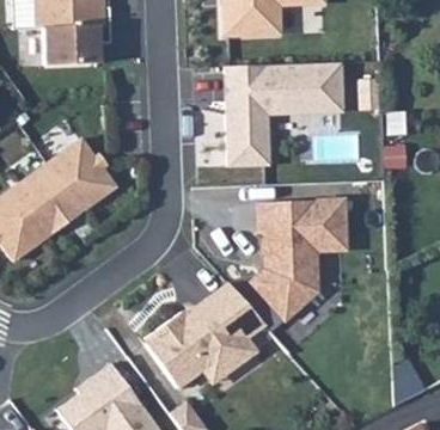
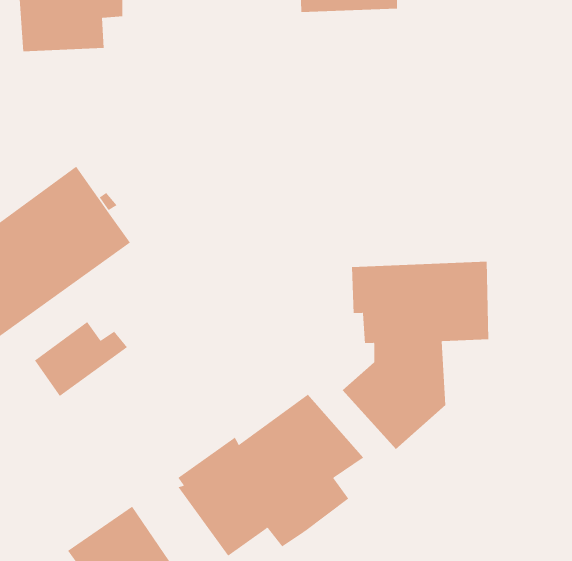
building: [225,61,347,167] -> none
building: none -> [34,321,128,397]

